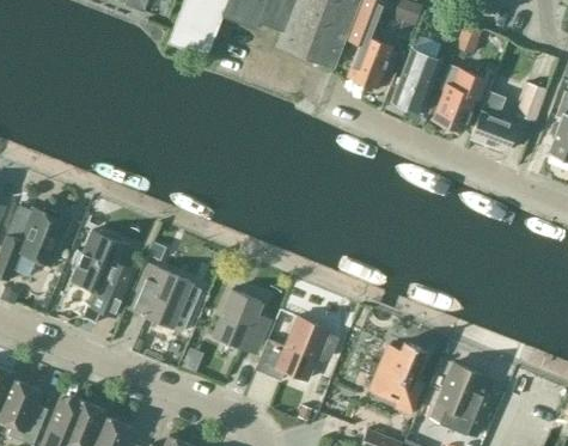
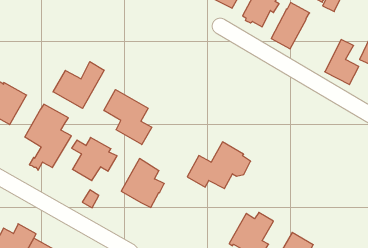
building: [433,65,485,130] -> none
building: none -> [53,62,104,108]
building: none -> [104,90,152,145]
building: [255,316,338,380] -> [187,142,251,189]

